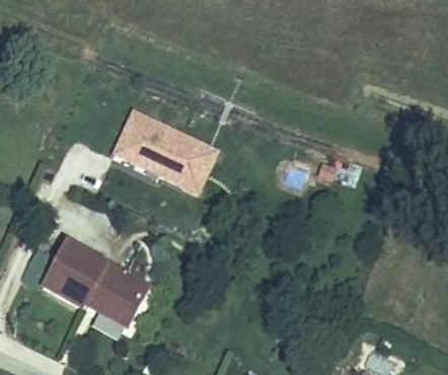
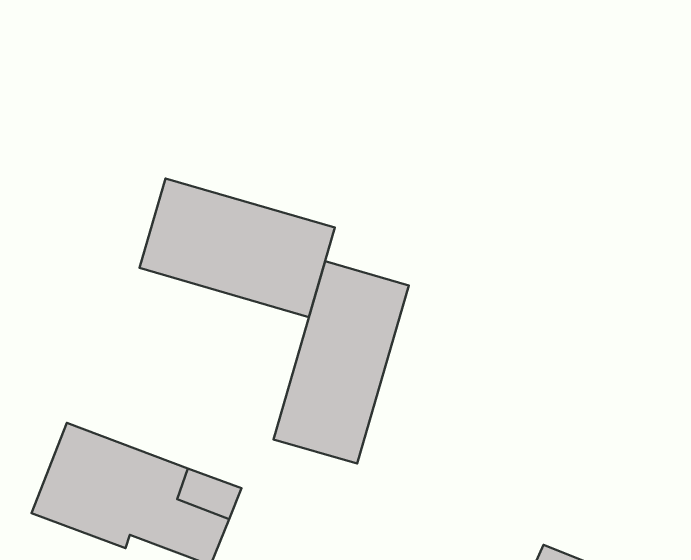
building: none -> [274,261,409,464]

